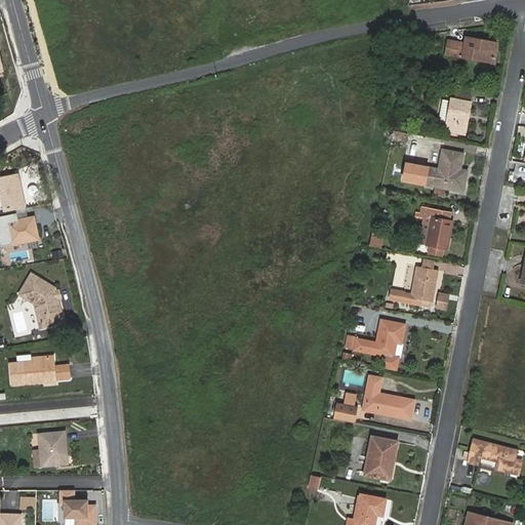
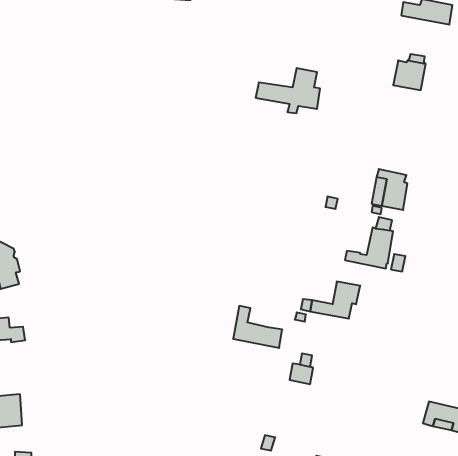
building: [401,150,466,195] -> [256,68,320,113]
building: [363,376,412,418] -> [233,306,282,348]
building: [364,437,396,478] -> none

